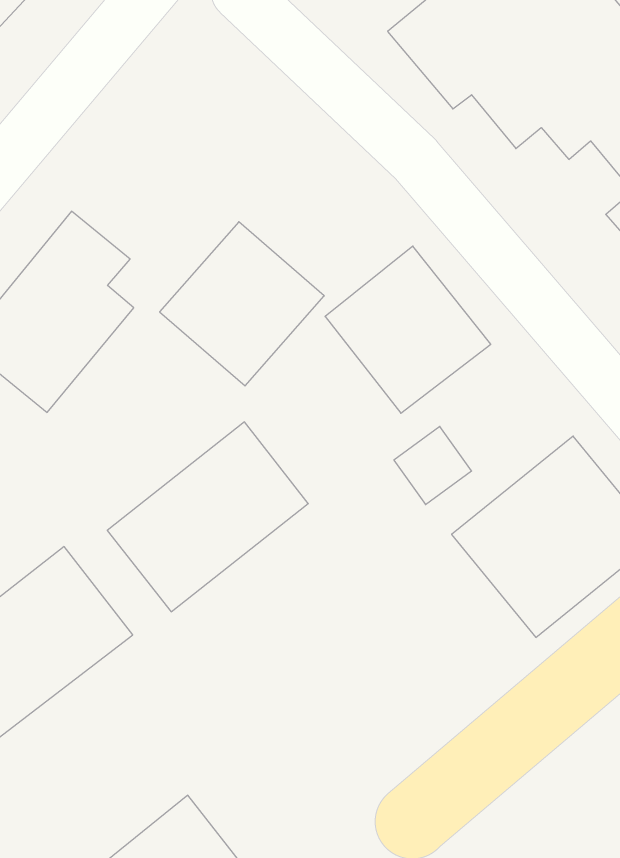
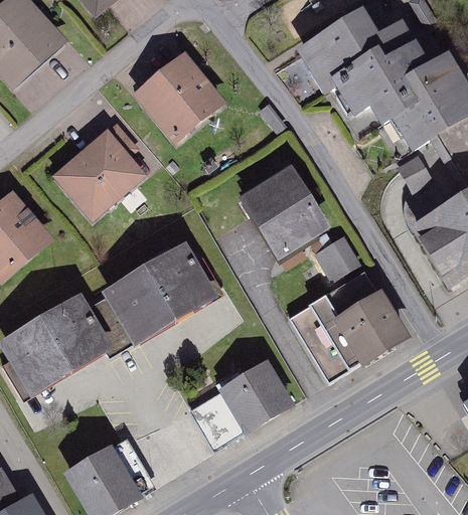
building: [160,222,324,386] -> [131,54,219,142]
building: [394,426,472,505] -> [317,240,357,281]
building: none -> [192,359,297,447]

